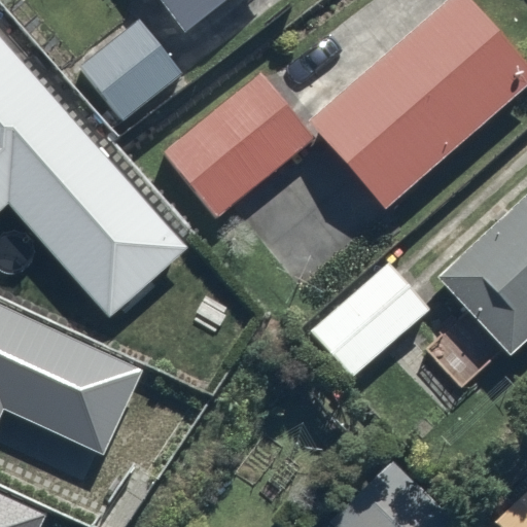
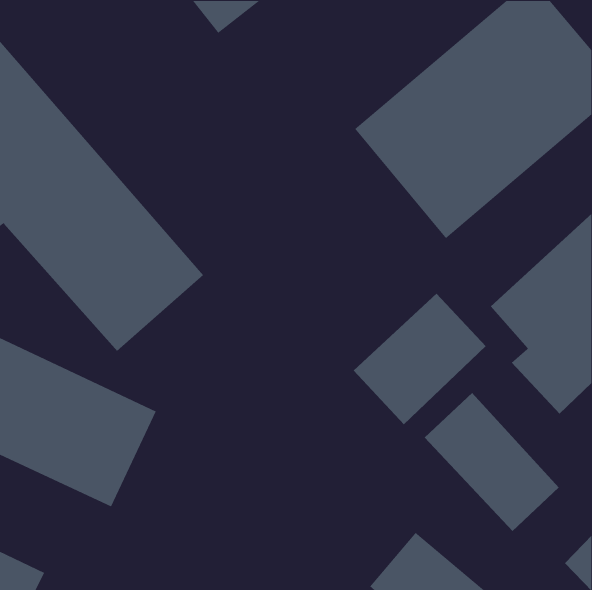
building: [82,15,190,122] -> none
building: [163,72,316,219] -> none
building: none -> [424,392,560,532]

